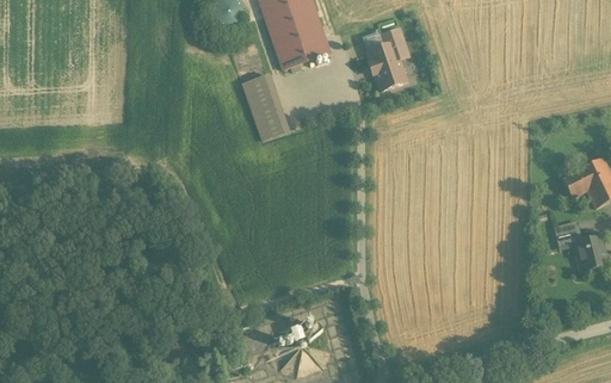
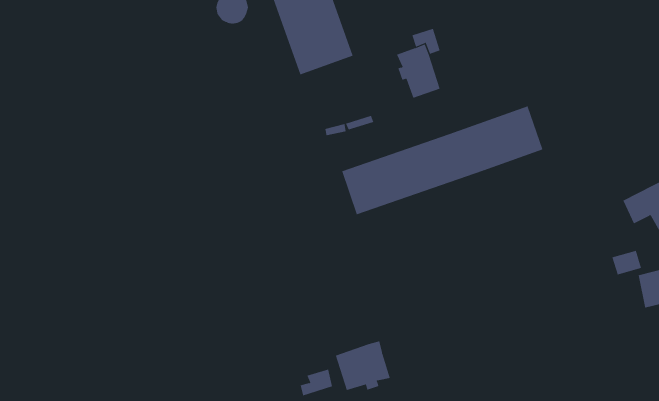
building: [242,73,289,138] -> none
building: none -> [341,106,543,215]
building: none -> [335,340,390,391]

